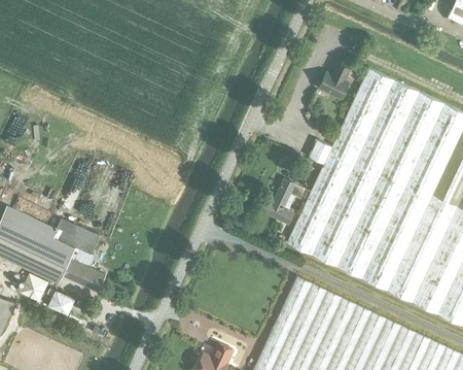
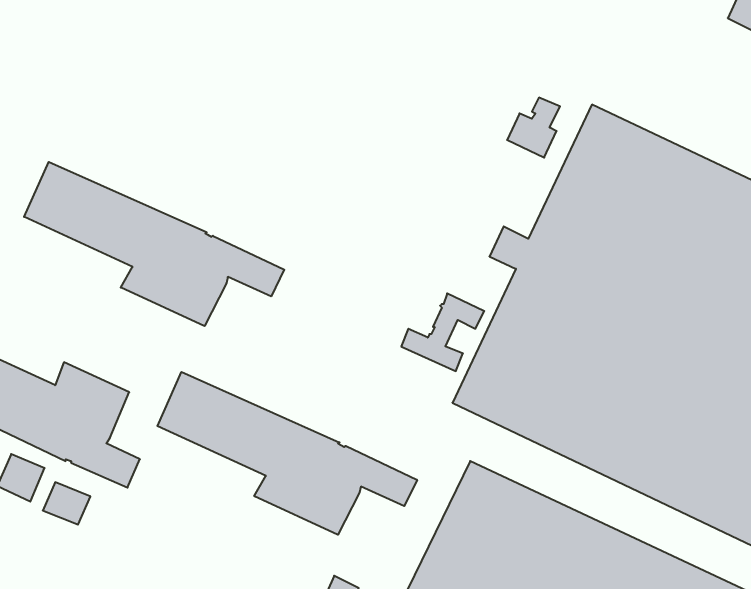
building: none -> [24,162,284,326]
building: none -> [157,372,417,535]

